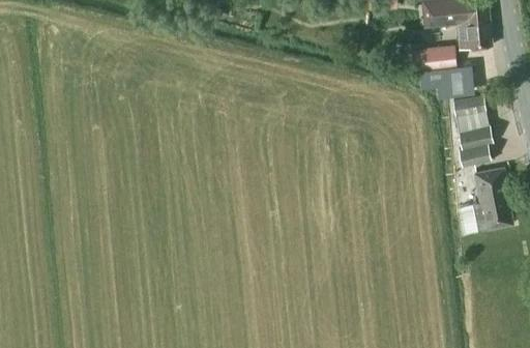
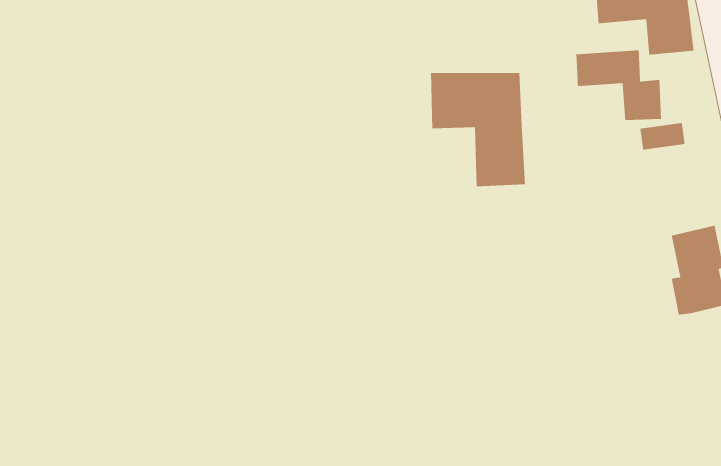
building: none -> [430,72,526,187]
building: [457,125,492,168] -> none

